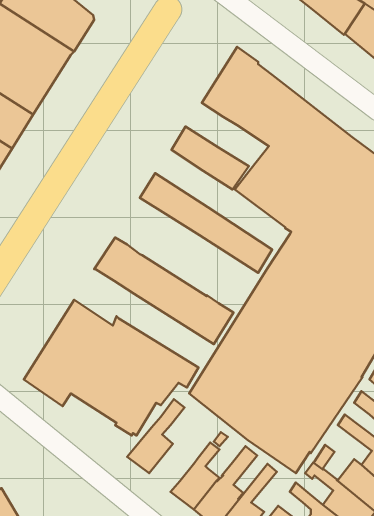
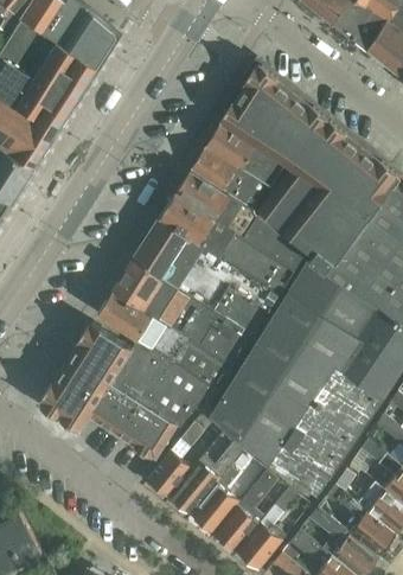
building: none -> [207,122,292,189]
building: none -> [177,170,307,271]
building: none -> [135,218,282,334]
building: none -> [100,290,236,390]
building: none -> [171,441,244,516]

